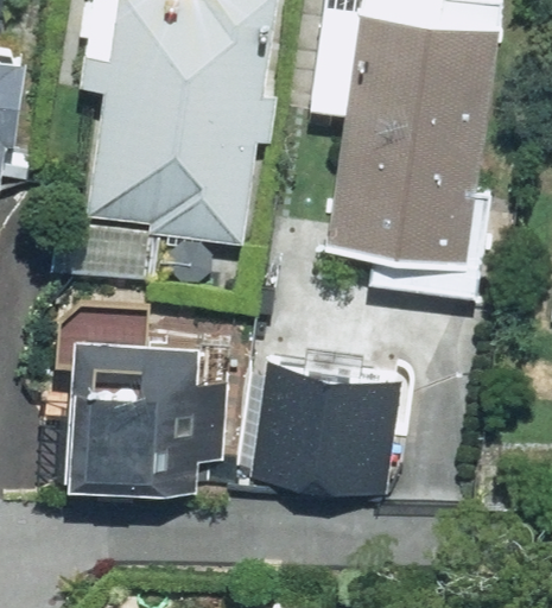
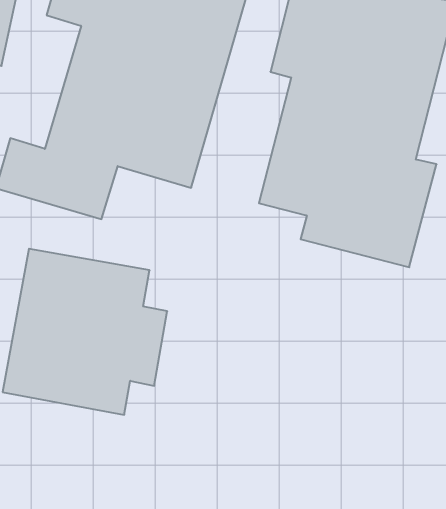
building: [245,357,399,504] -> none

